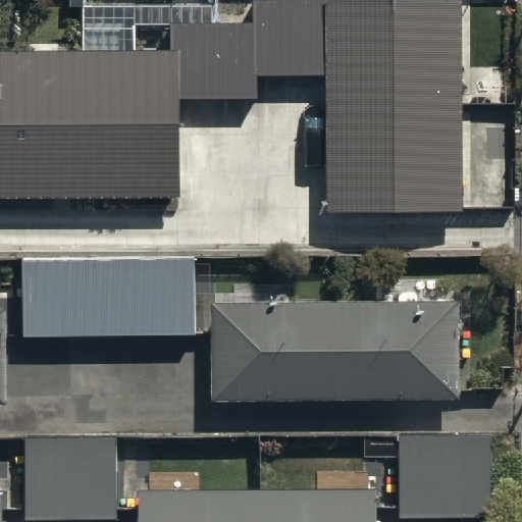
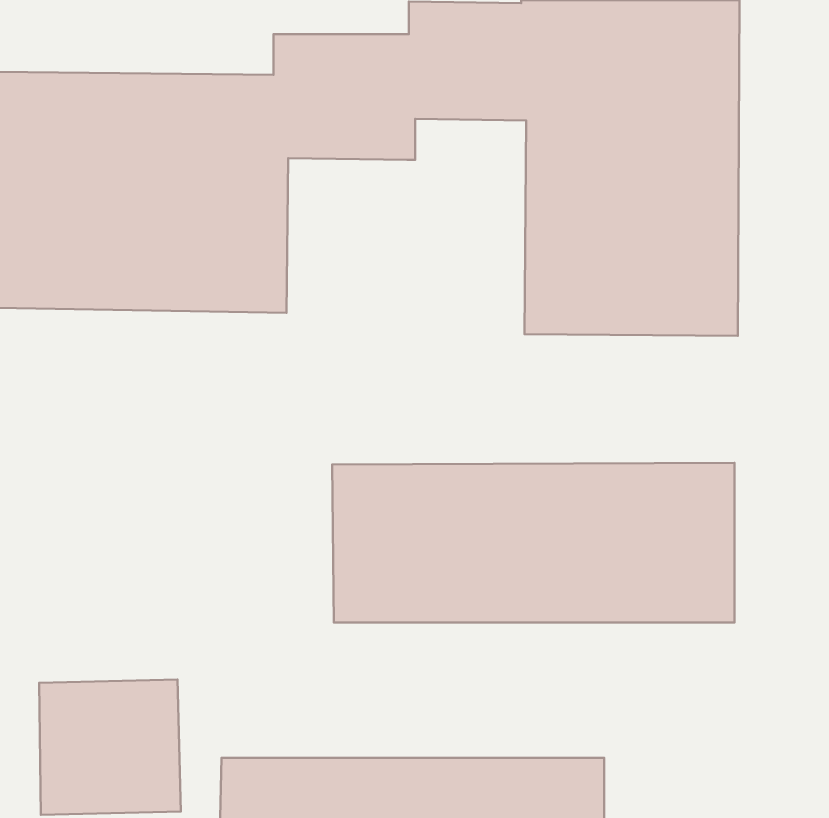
building: [21,252,192,333] -> none
building: [397,434,489,515] -> none

